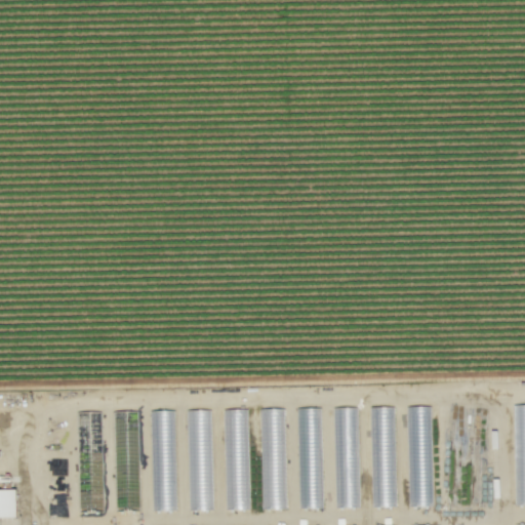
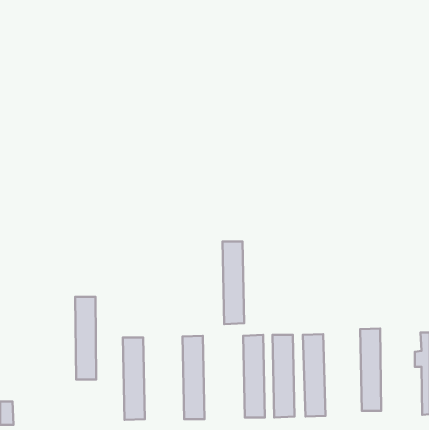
building: [407,406,433,507] -> [360,328,381,411]
building: [260,409,287,510] -> [222,242,244,324]
building: [188,410,213,511] -> [75,297,96,379]

